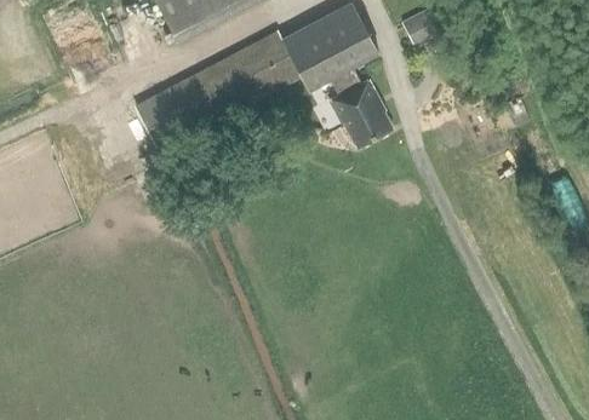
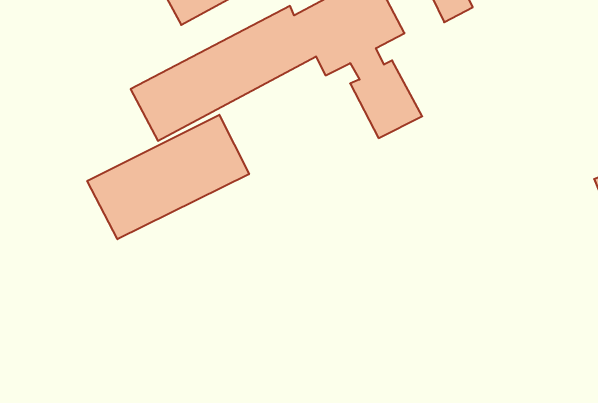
building: none -> [87,115,249,239]

